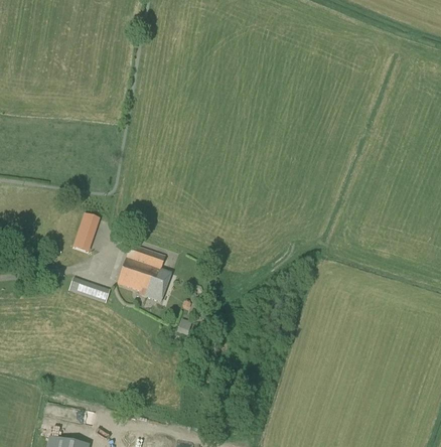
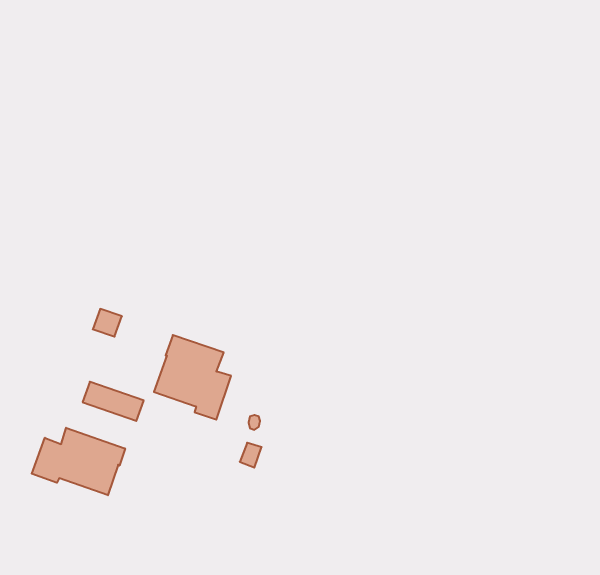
building: none -> [32,428,125,495]

